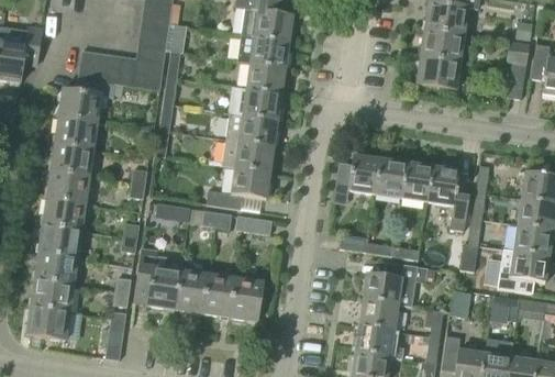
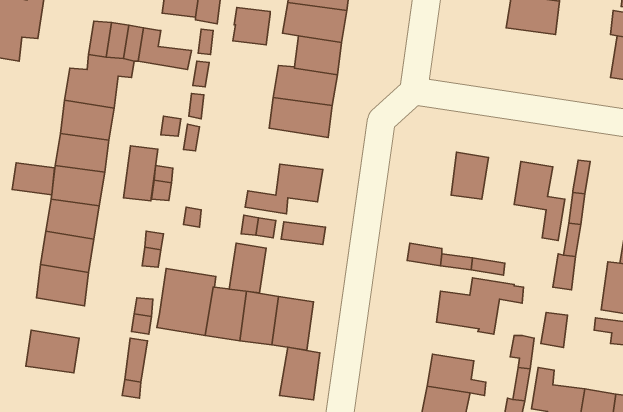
building: [134,44,165,75] -> [233,7,270,45]
building: [417,56,460,89] -> none
building: [221,138,274,173] -> none
building: none -> [123,146,158,201]
building: [347,155,379,193] -> none
building: [400,163,432,201] -> none
building: none -> [12,163,55,195]
building: none -> [229,243,266,293]
building: [30,278,74,311] -> none
building: [359,298,398,330] -> none
building: none -> [280,347,320,400]

